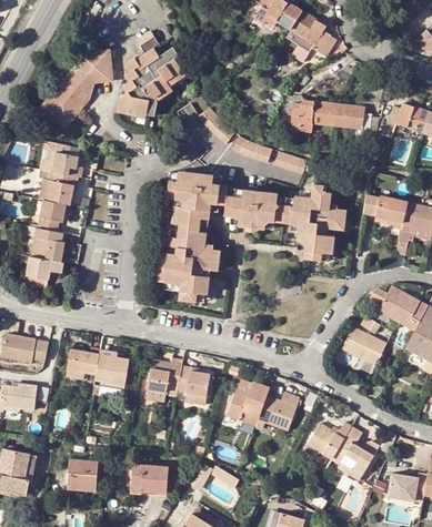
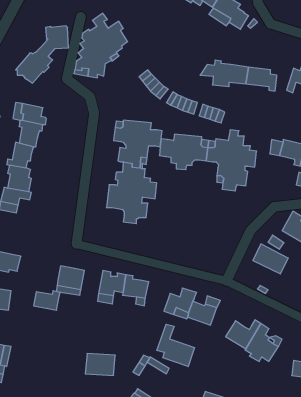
building: [67,347,100,372] -> [34,291,60,310]
building: none -> [157,324,195,367]
building: [67,459,97,489] -> none

